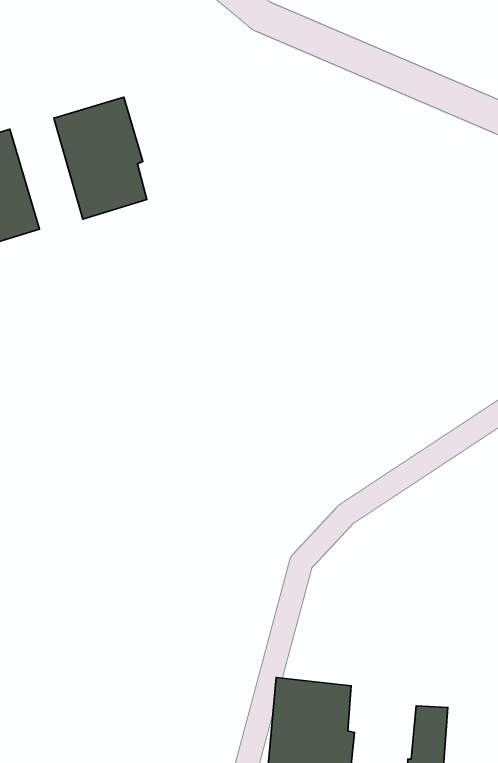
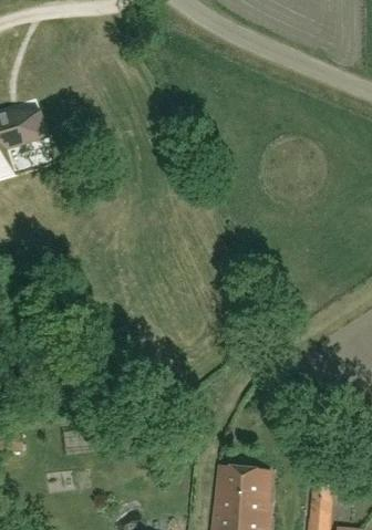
building: [54,97,147,219] -> none

